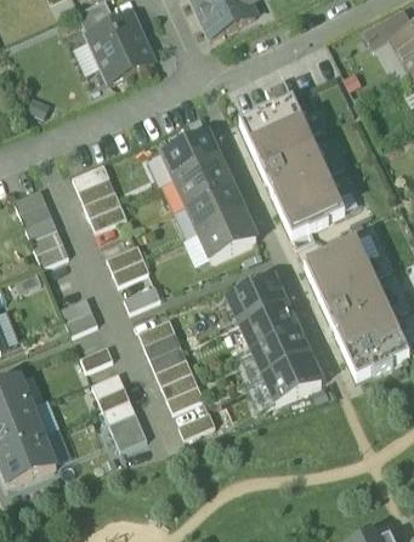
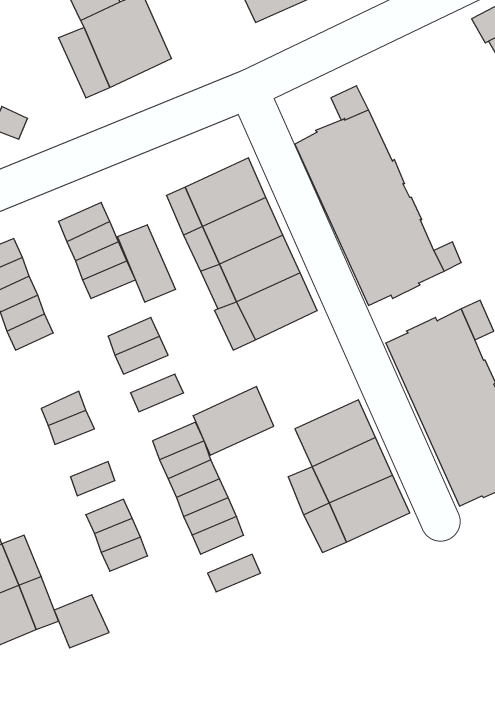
building: none -> [117,225,176,302]
building: [228,273,285,321] -> [193,387,274,455]
building: [109,411,148,449] -> [54,595,109,648]

